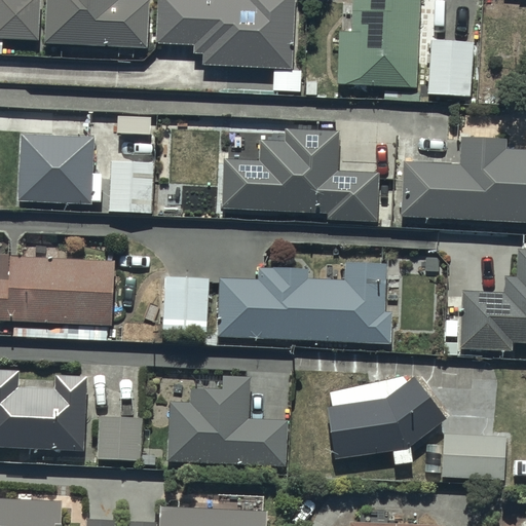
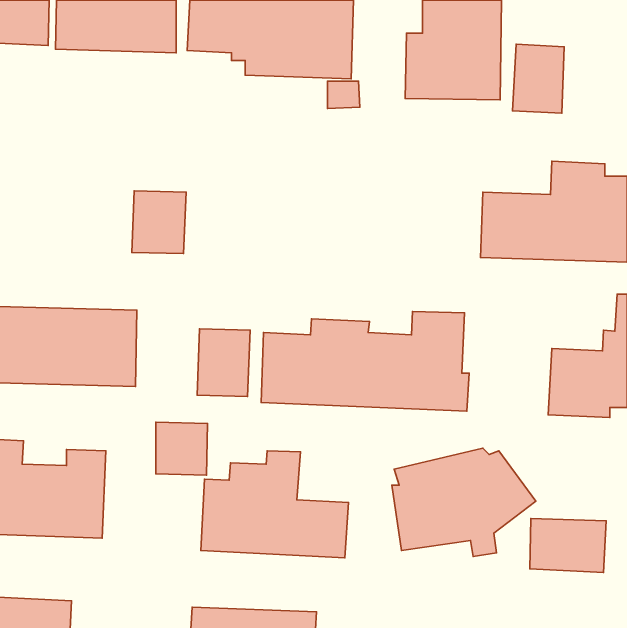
building: [222,128,378,220] -> none
building: [17,133,102,202] -> none
building: [99,416,142,460] -> [156,422,208,475]

